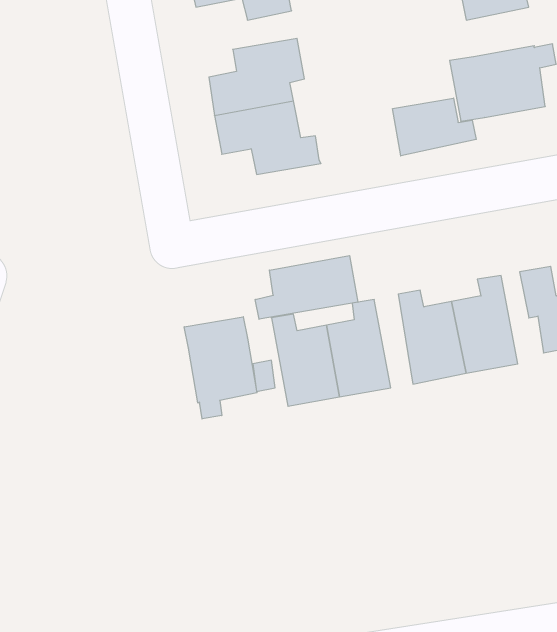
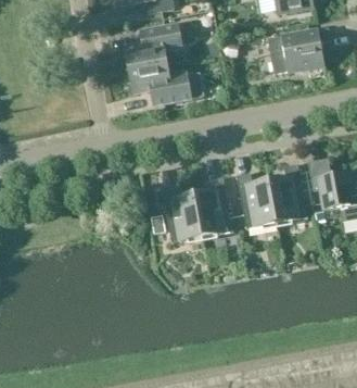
building: [393,98,476,156] -> none
building: [255,256,358,319] -> none
building: [184,317,257,419] -> none

